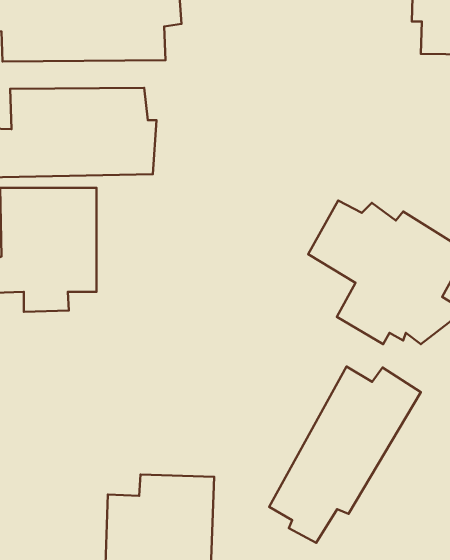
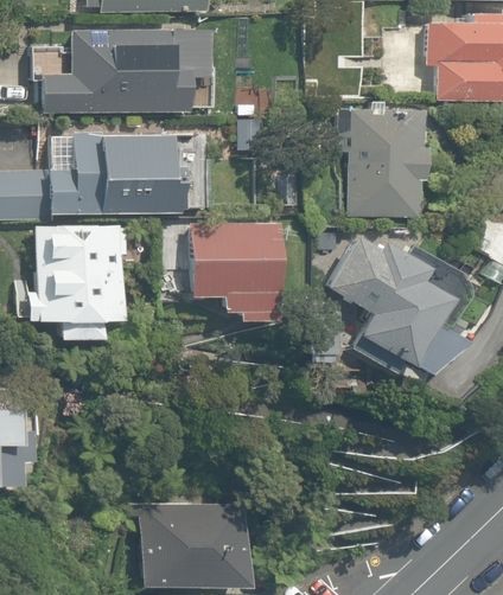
building: none -> [350,113,424,218]
building: none -> [192,226,280,321]
building: [269,367,421,543] -> none

